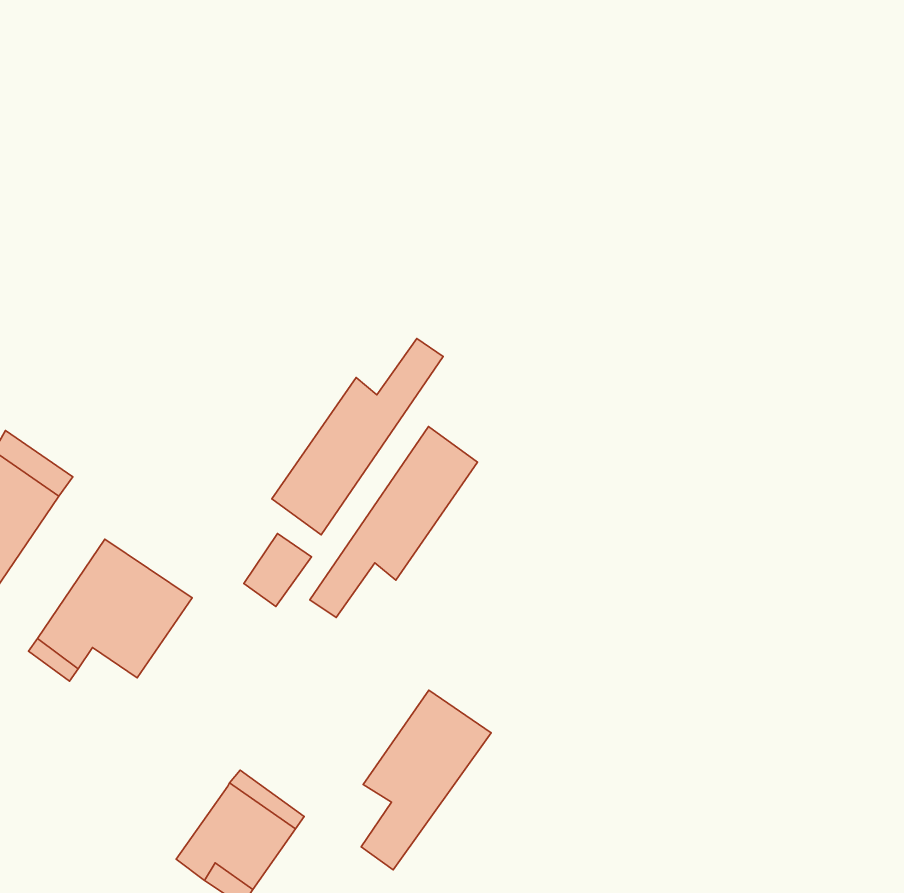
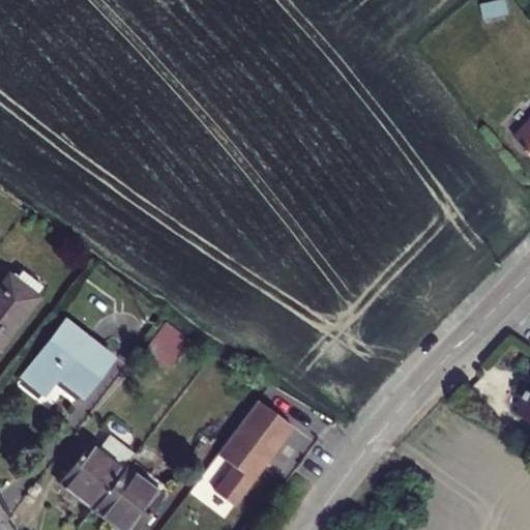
building: [272,339,443,535] -> none
building: [310,427,478,617] -> none
building: none -> [65,441,132,509]

